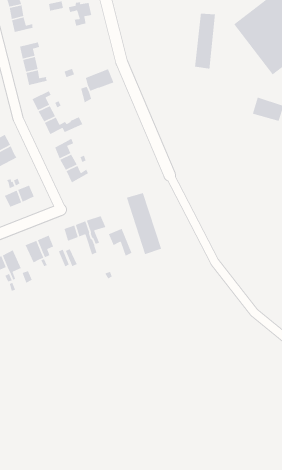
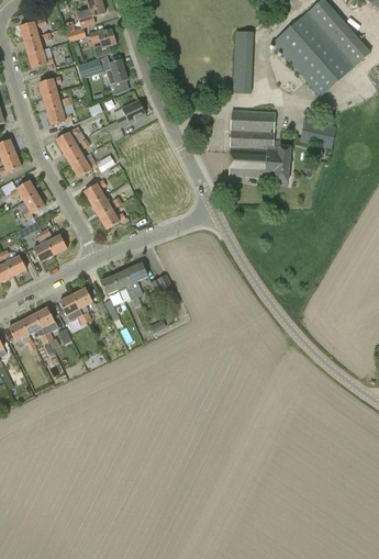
building: none -> [99,58,130,94]
building: none -> [230,110,290,180]
building: [126,192,162,255] -> none

